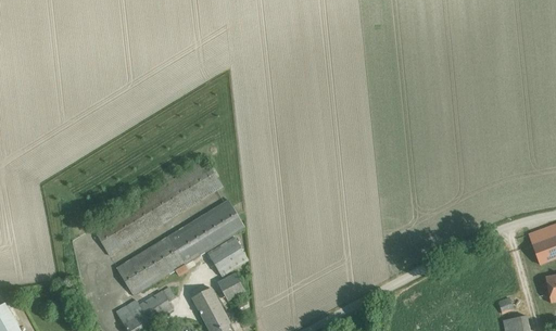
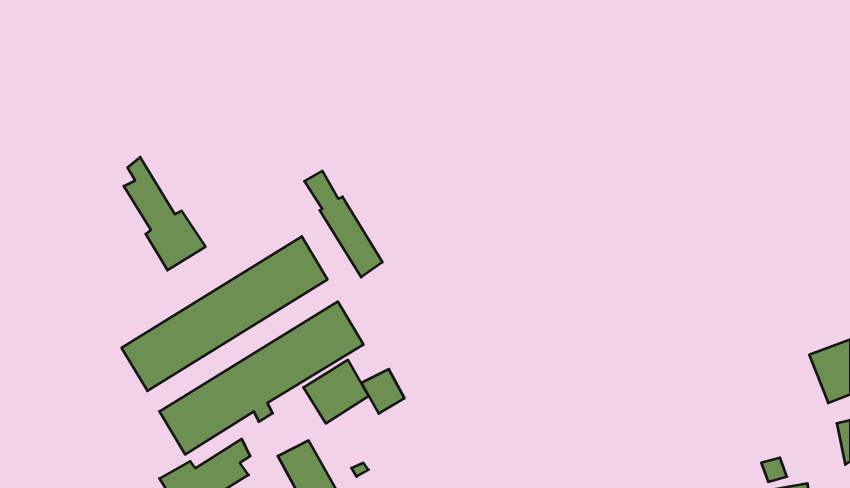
building: none -> [124,157,205,270]
building: none -> [304,171,382,277]
building: [217,272,244,301] -> [362,369,404,414]

